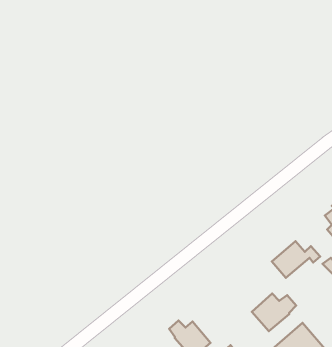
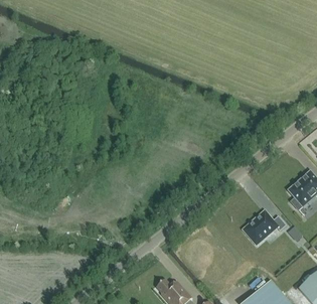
building: [252,293,296,331] -> none

